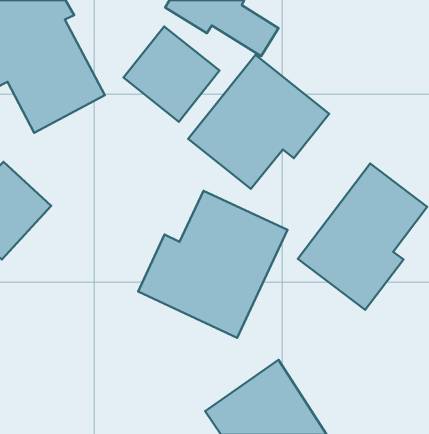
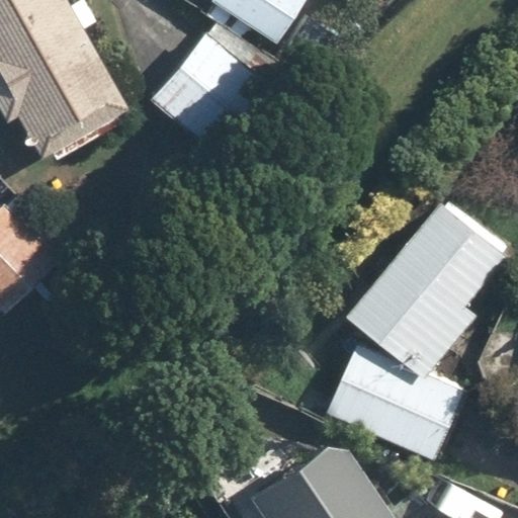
building: [188,55,329,189] -> none
building: [138,191,287,338] -> none
building: none -> [331,345,465,458]

